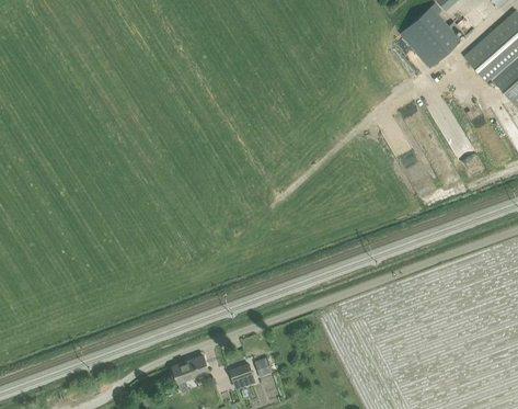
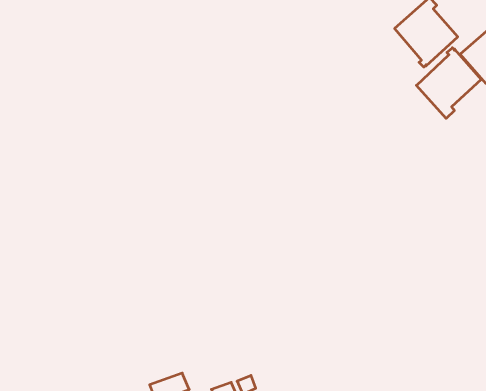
building: none -> [416,48,481,118]

